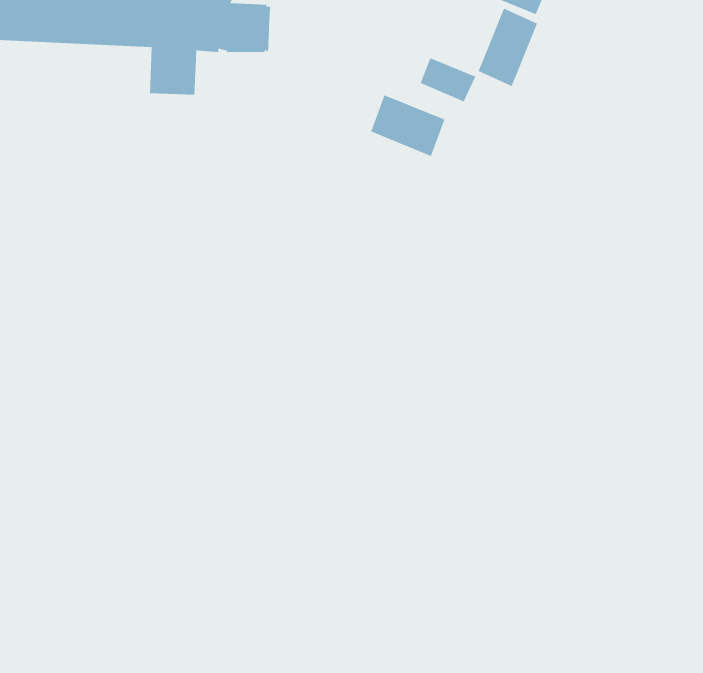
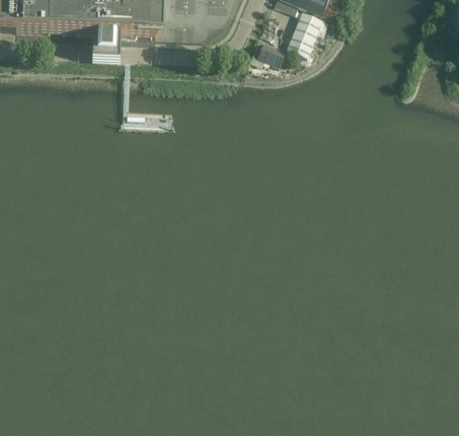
building: [371,94,445,157] -> none

